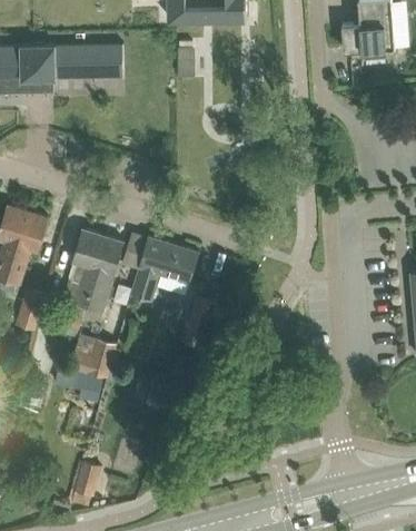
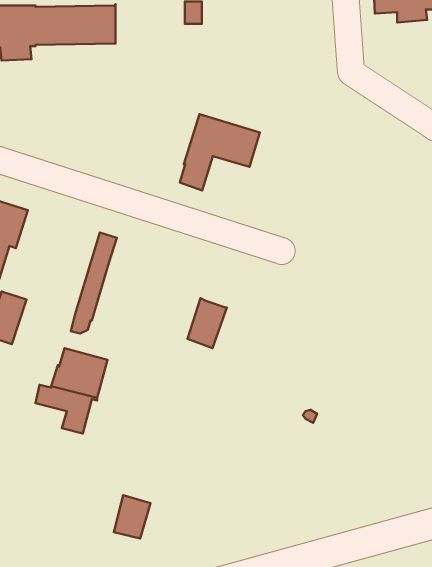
building: [62,229,109,334] -> none
building: [130,238,198,303] -> [180,114,260,190]
building: [70,461,101,498] -> [114,495,151,539]

